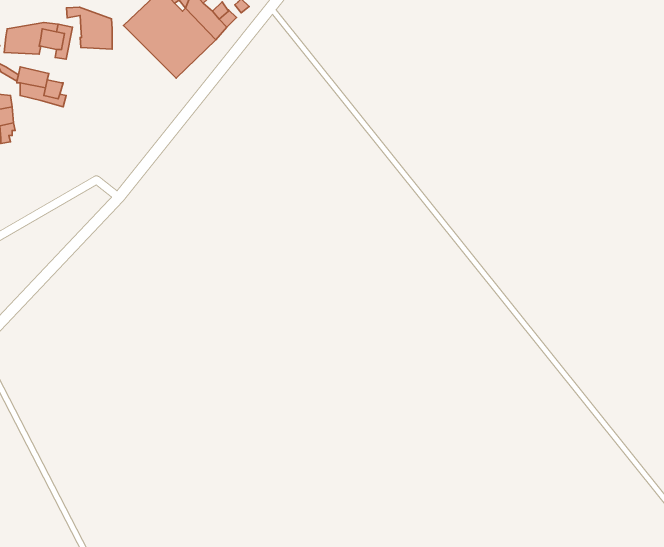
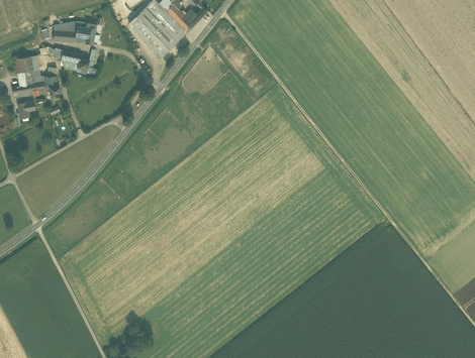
building: [67,7,112,49] -> none

